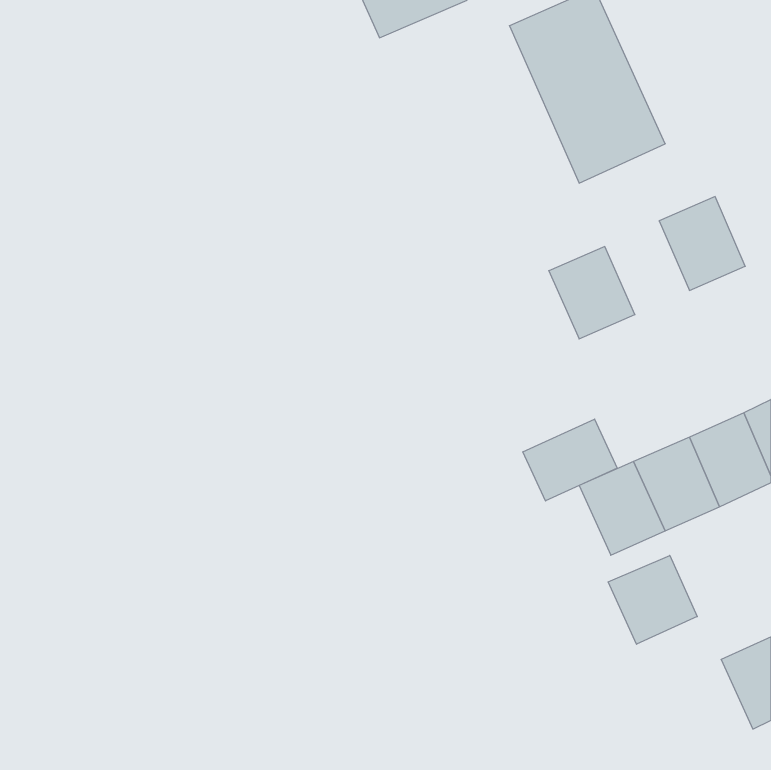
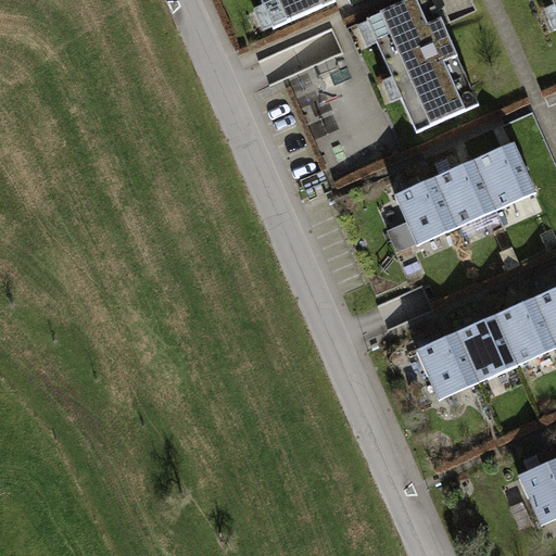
building: none -> [434,159,495,226]
building: [523,419,617,501] -> none
building: [608,555,697,644] -> none

